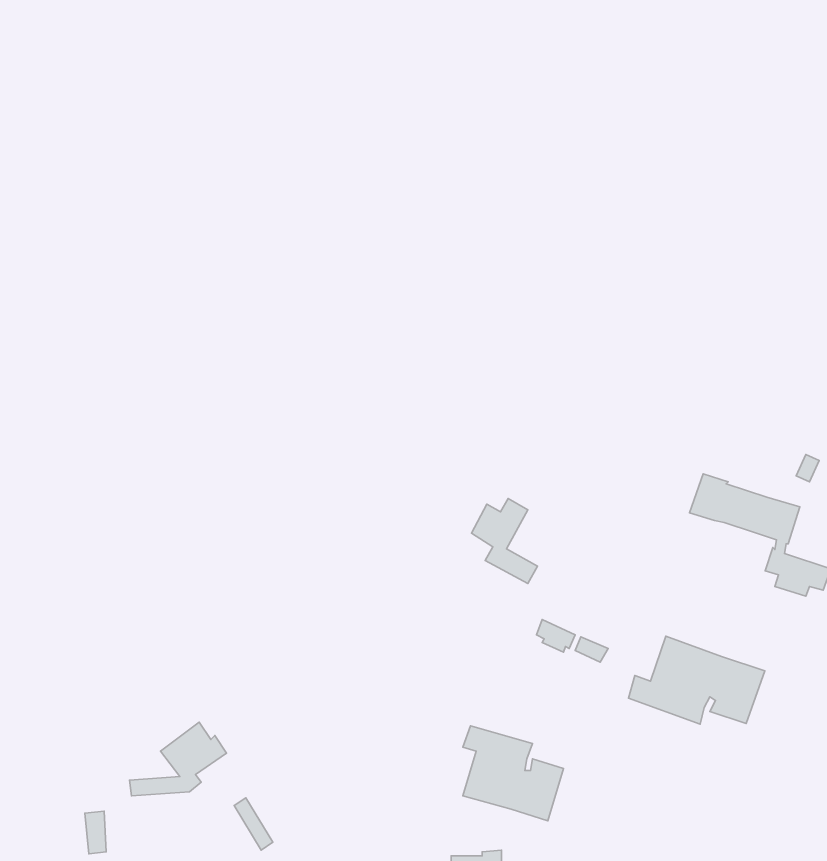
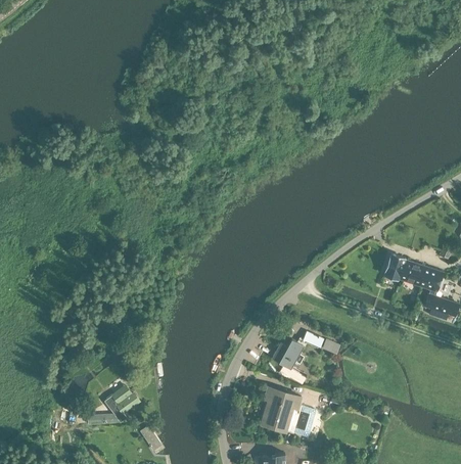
building: [471,498,537,584] -> [272,339,307,384]
building: [629,636,765,724] -> none

